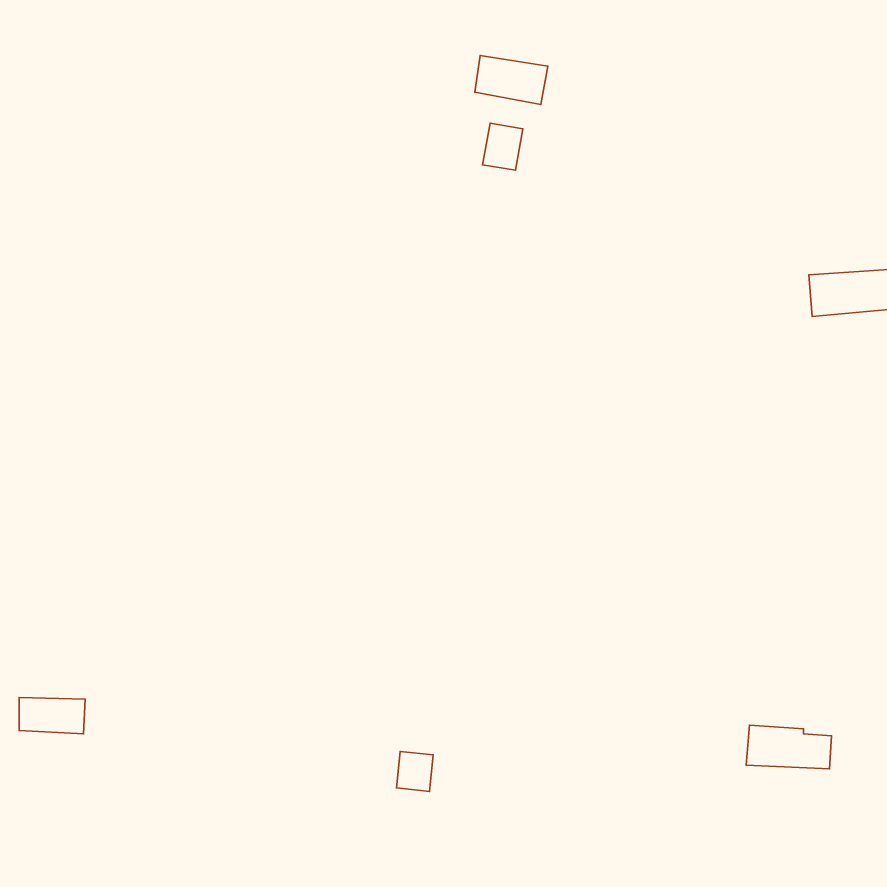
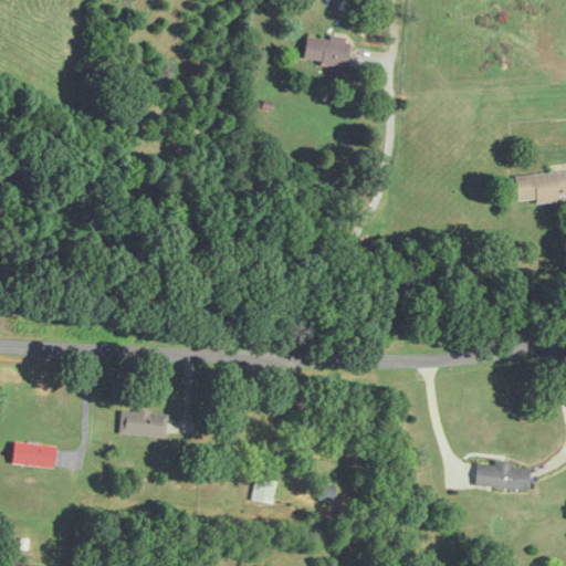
building: [483,123,523,170] -> none
building: none -> [119,410,168,437]

